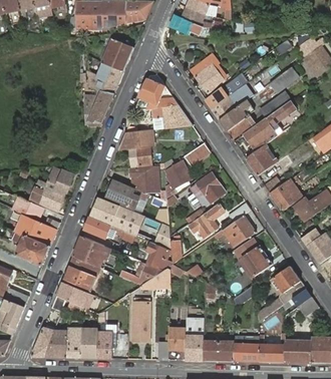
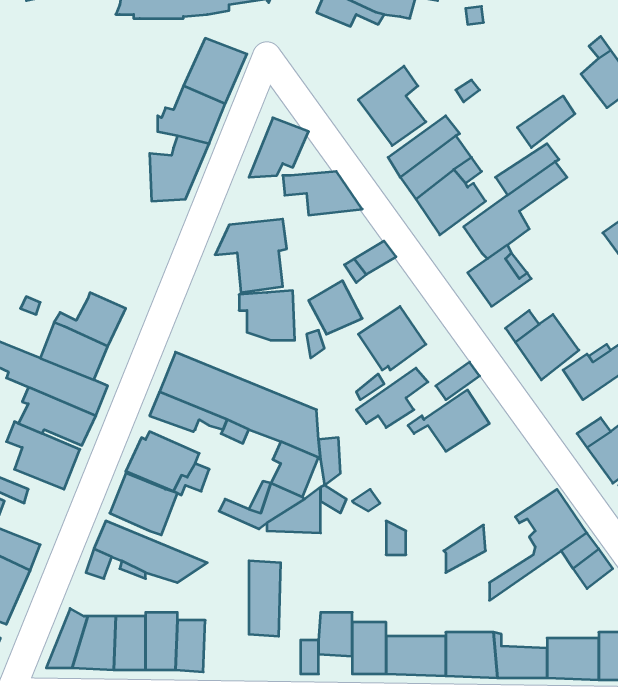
building: [105,180,140,210] -> none
building: [234,238,273,280] -> none

